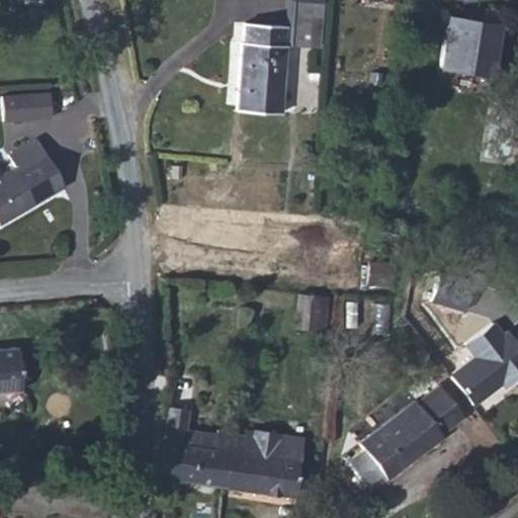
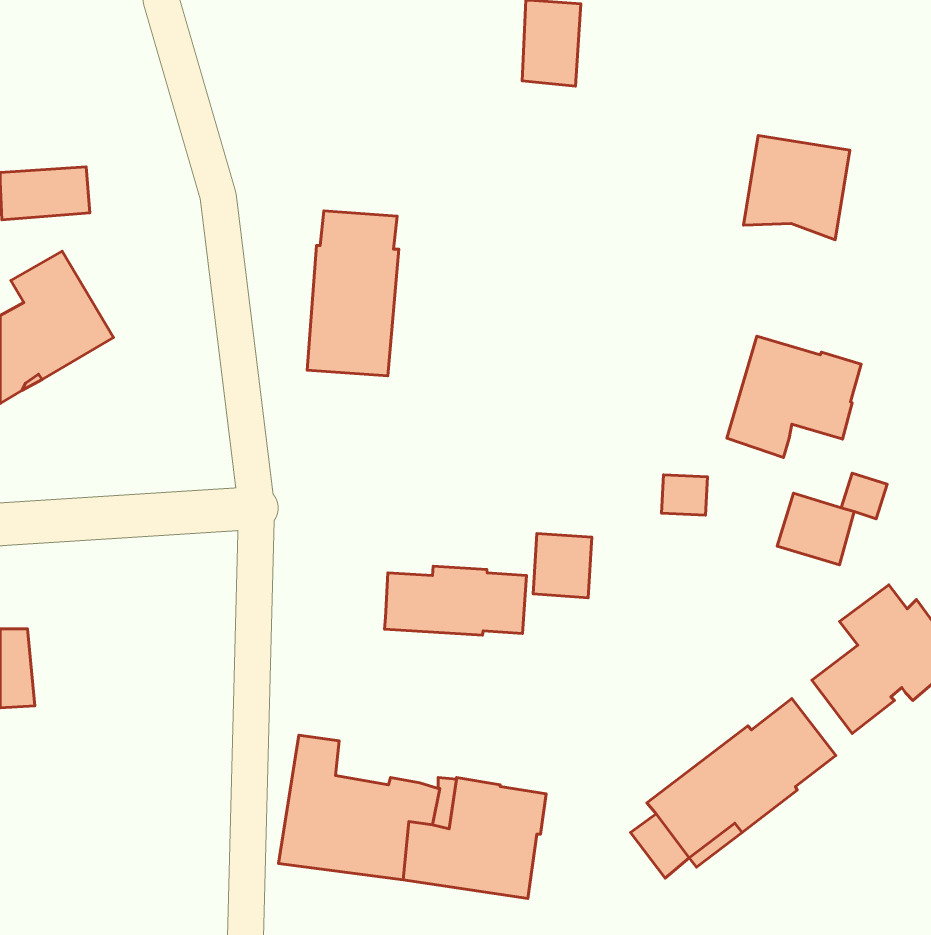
building: [442,18,501,76] -> [744,135,850,240]
building: [238,23,288,114] -> [307,211,399,376]
building: none -> [727,336,861,458]
building: none -> [384,566,526,635]

